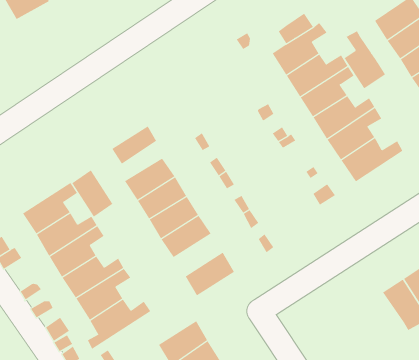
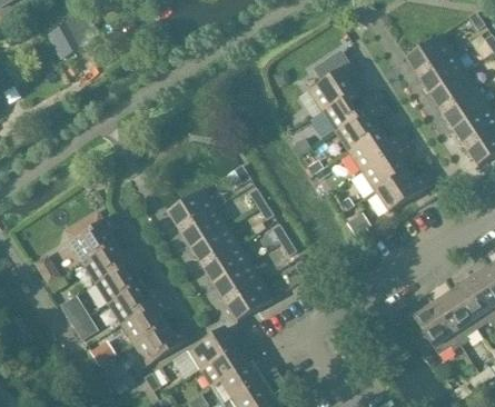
building: [344,30,386,89] -> none
building: [112,125,157,165] -> none
building: [71,170,113,217] -> none
building: none -> [212,261,260,302]
building: none -> [187,327,235,368]

